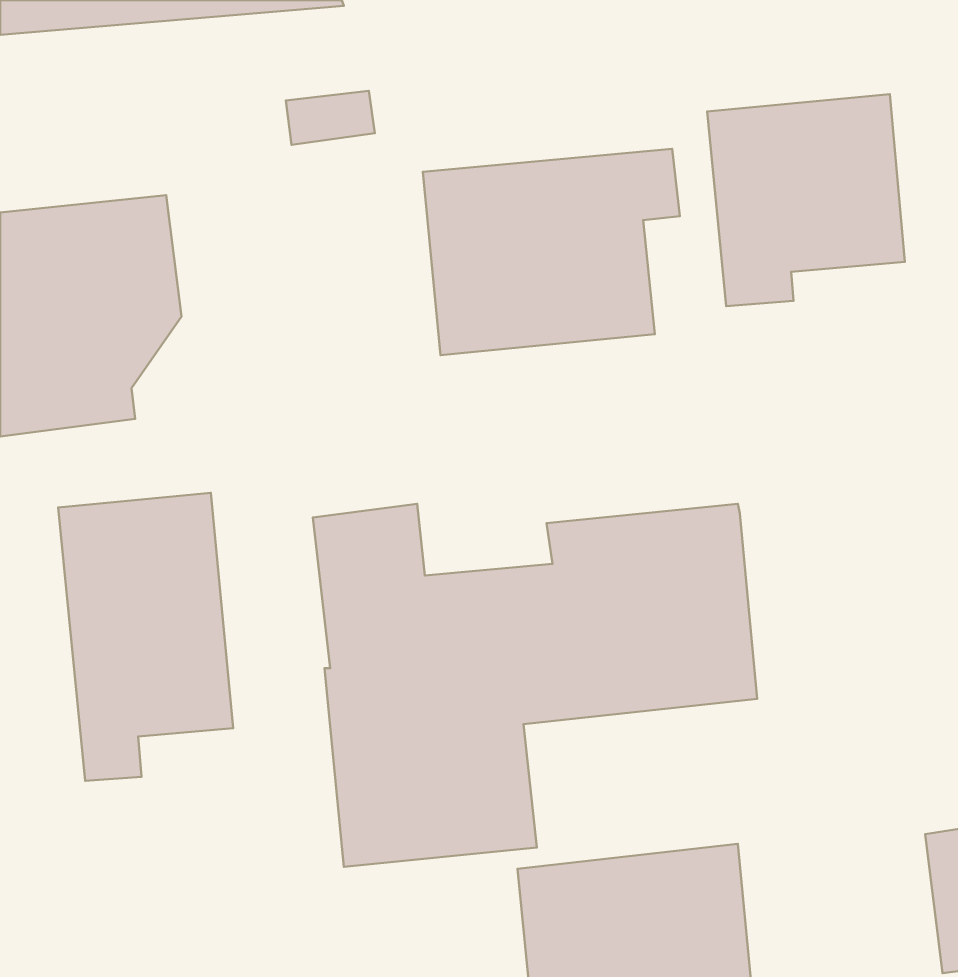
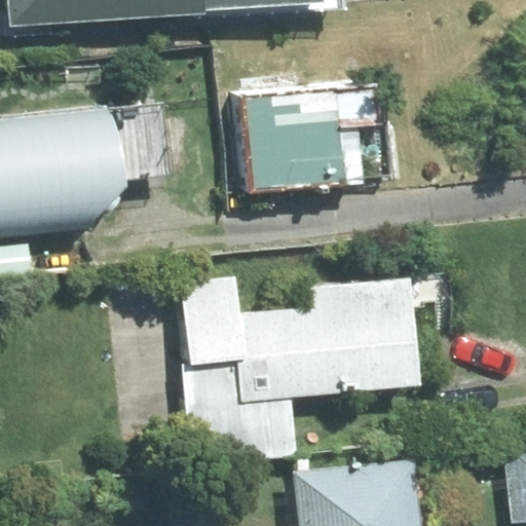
building: [707,94,905,306] -> none
building: [58,493,233,781] -> none

